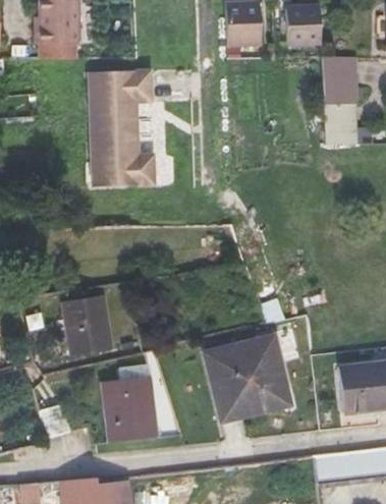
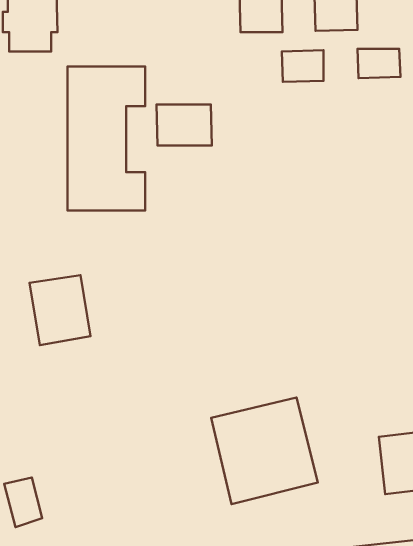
building: [323,79,356,105] -> [282,50,324,82]
building: none -> [156,105,212,146]
building: [62,298,111,354] -> [30,275,91,345]
building: [102,379,157,441] -> none

